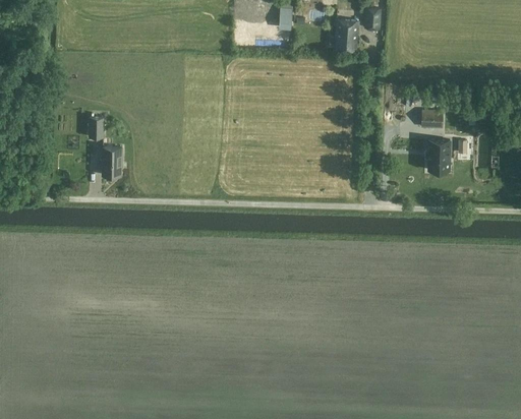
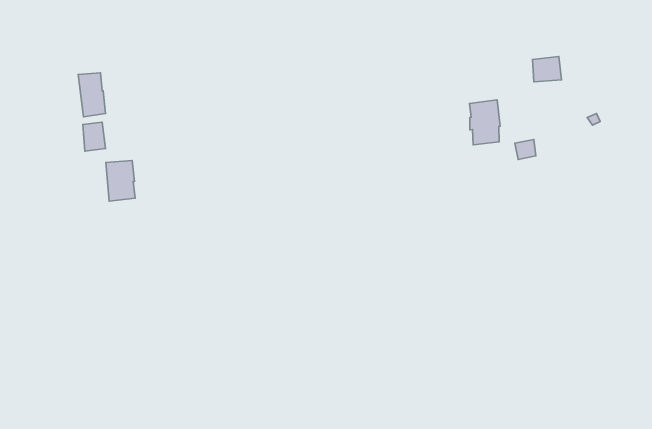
building: none -> [78,73,105,117]
building: [427,139,450,170] -> [469,100,500,145]

